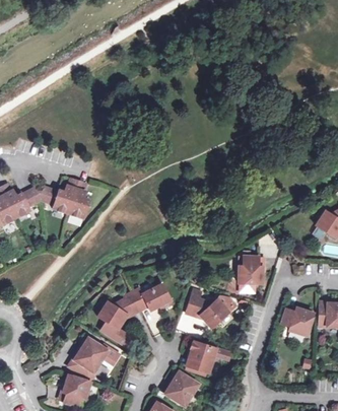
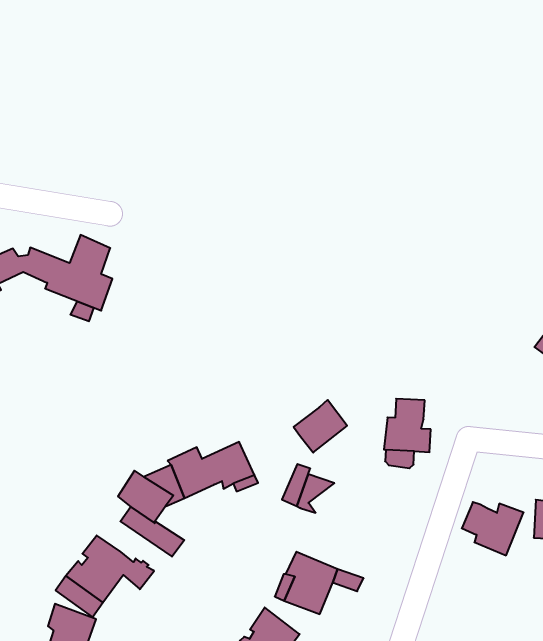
building: [199,299,227,328] -> [294,400,347,453]

